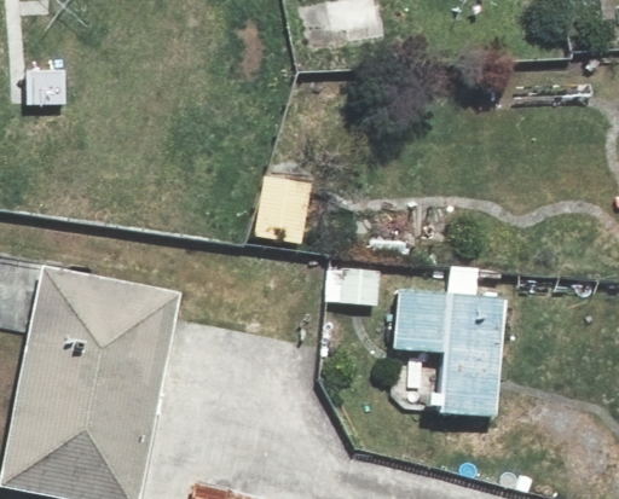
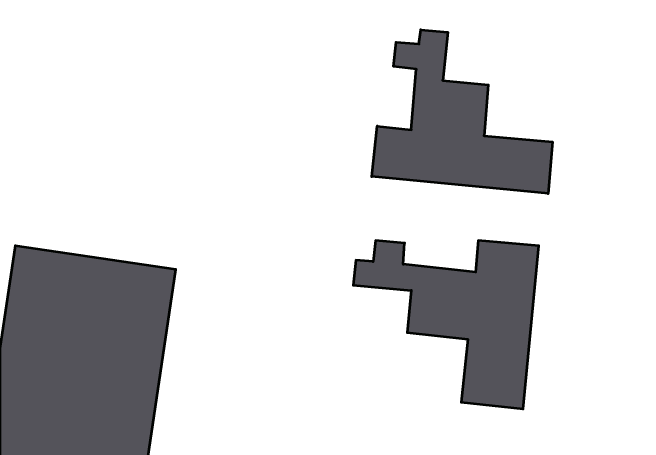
building: none -> [372,30,552,194]

